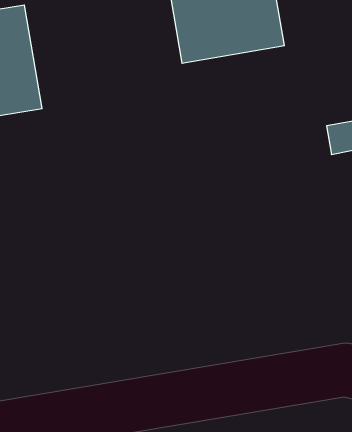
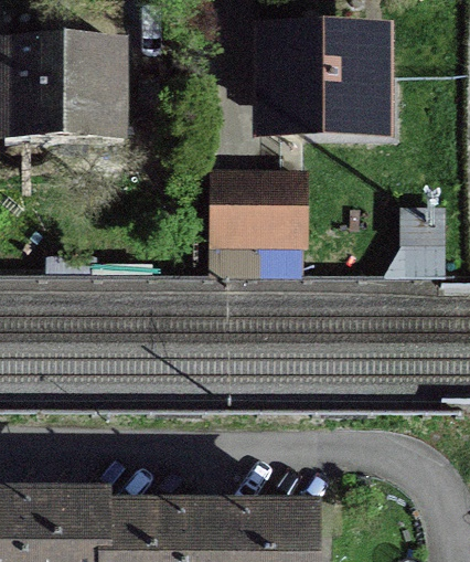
building: none -> [216,171,303,238]

